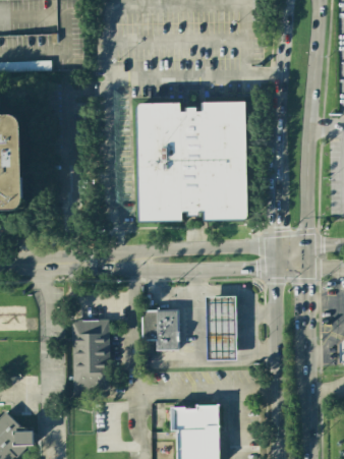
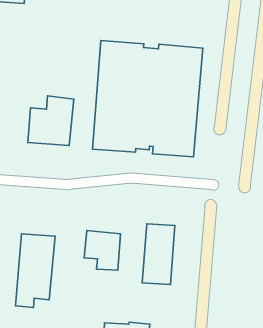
building: none -> [28,96,74,146]

